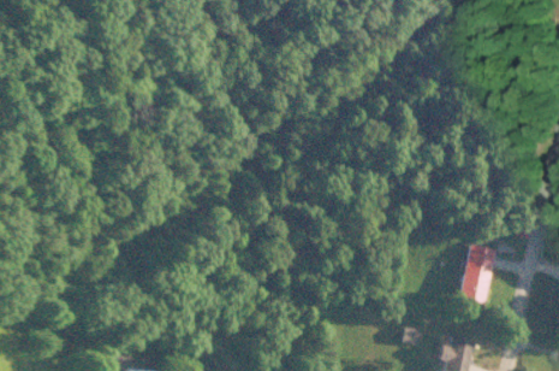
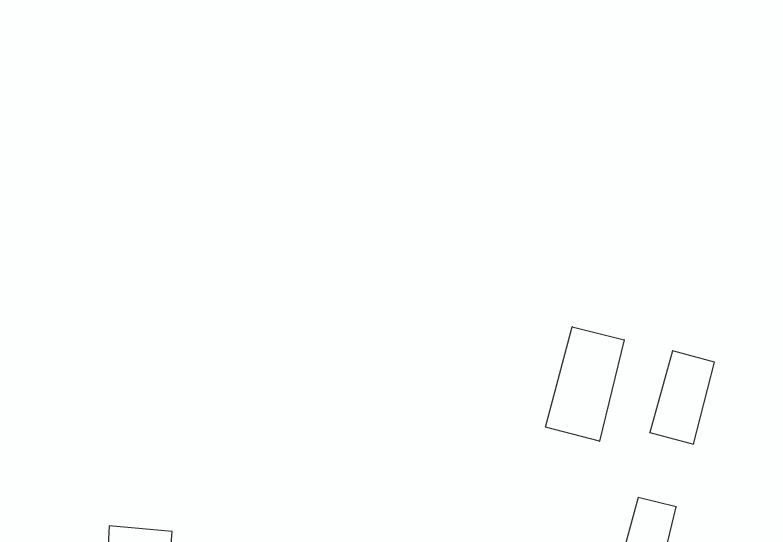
building: none -> [546,327,624,441]

